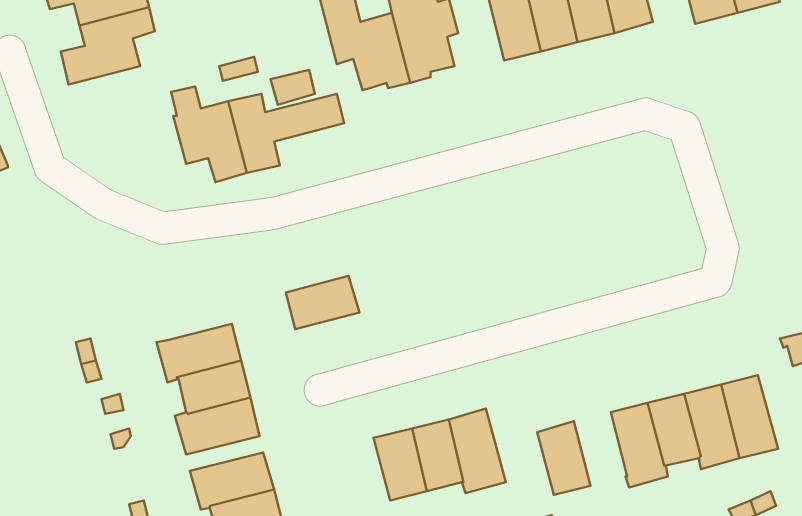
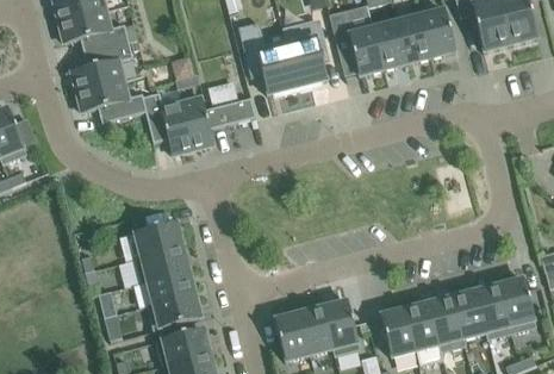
building: none -> [76,79,147,121]
building: [286,276,359,329] -> [135,222,182,256]
building: none -> [404,303,438,350]

